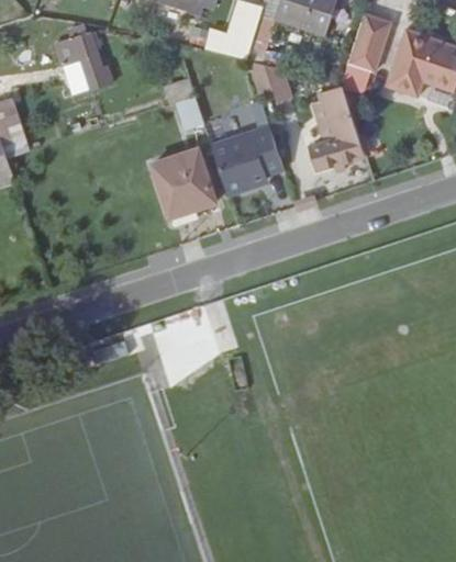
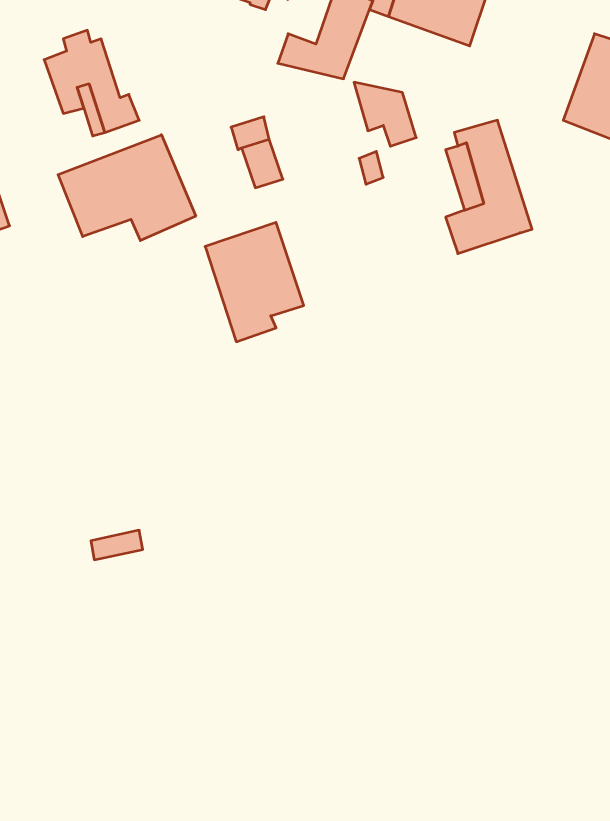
building: [346,15,389,74] -> none
building: none -> [58,135,196,241]
building: [212,124,285,192] -> none

